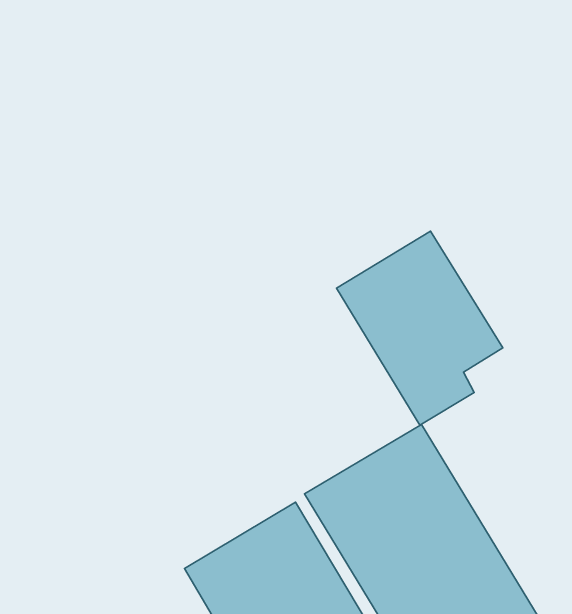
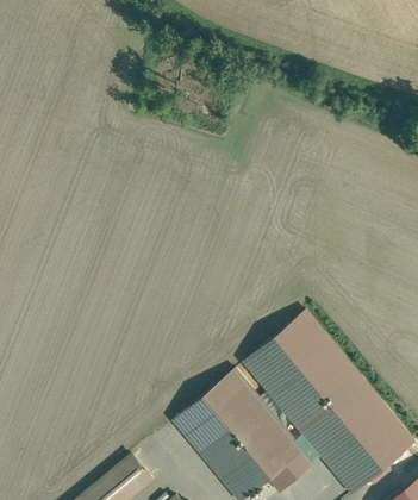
building: [336,231,503,425] -> none

